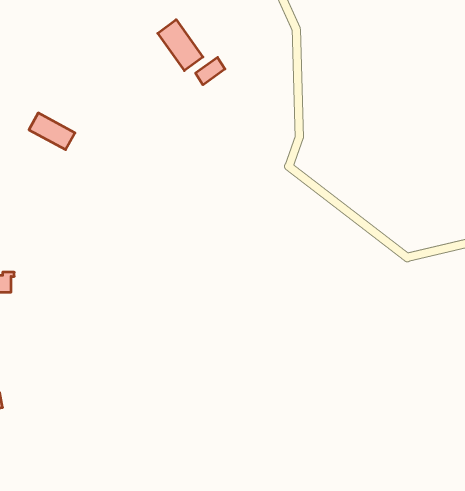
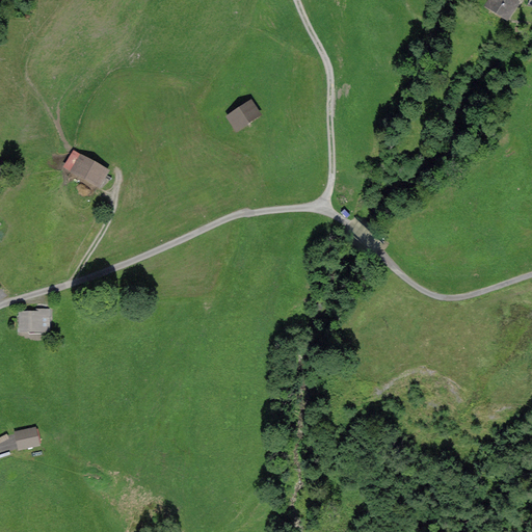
building: [158,20,203,71] -> none

